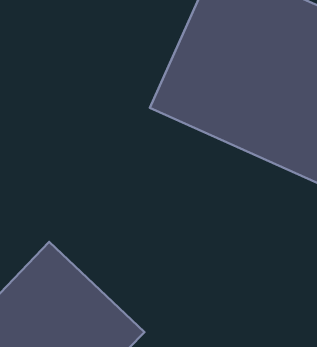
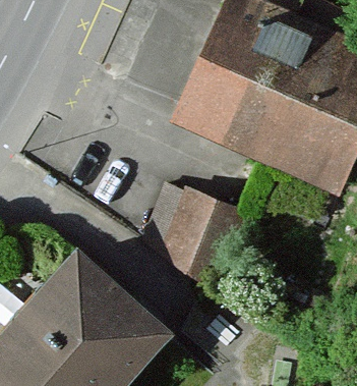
building: none -> [136,168,235,266]

